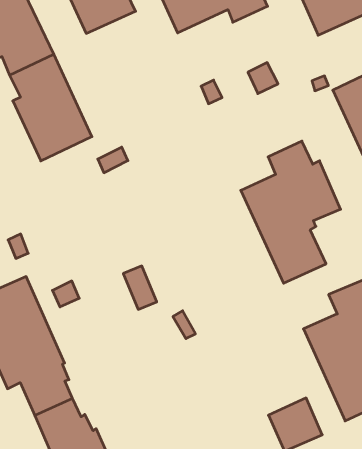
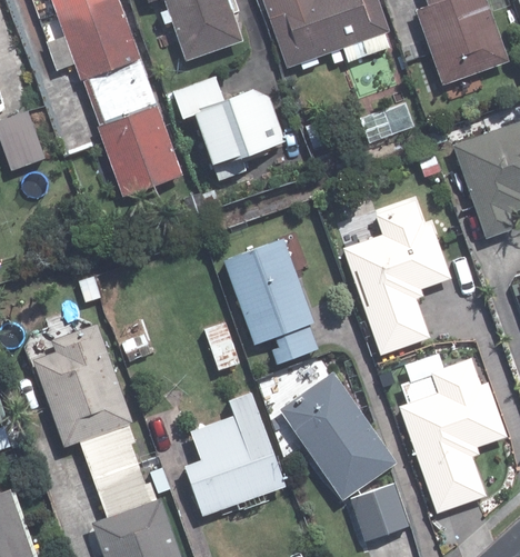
building: none -> [170,76,284,180]
building: none -> [221,237,318,364]
building: none -> [279,374,392,499]
building: none -> [187,392,286,516]

